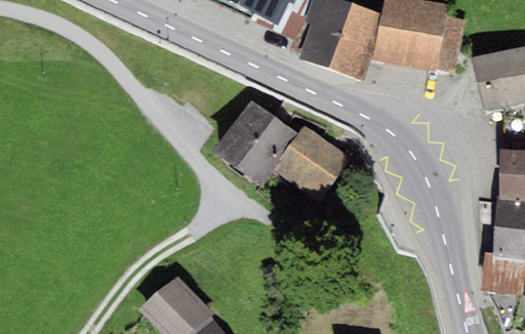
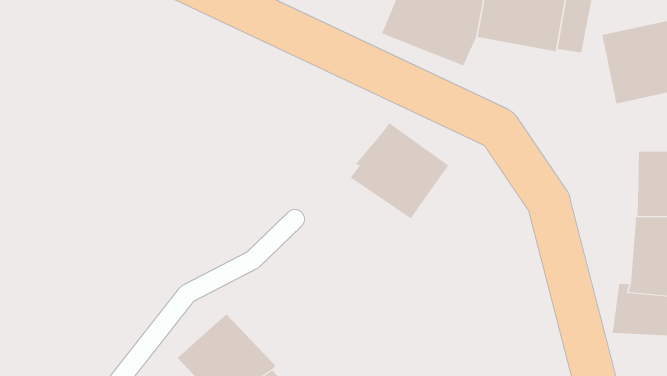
building: [213,101,298,186] -> none

